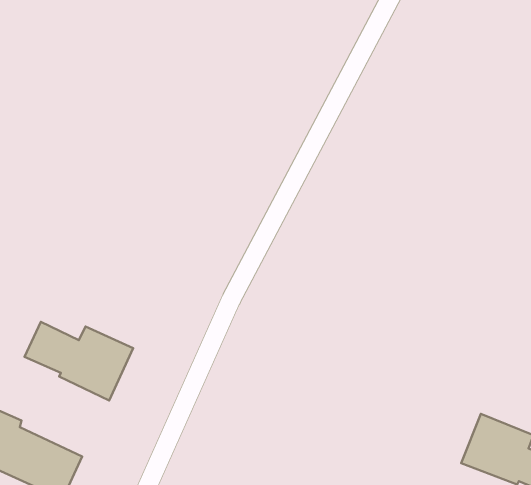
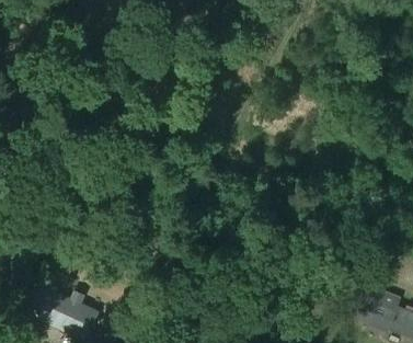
building: [25,322,133,401] -> none

